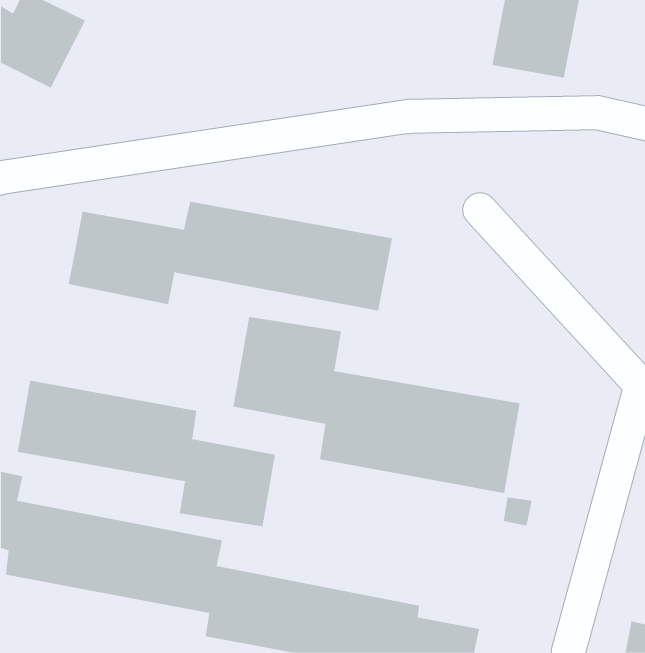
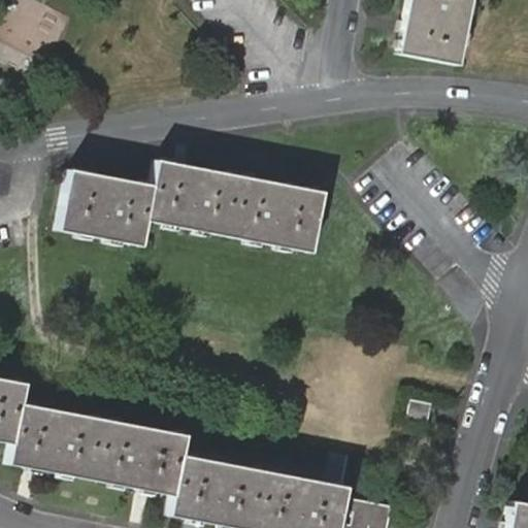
building: [233,316,520,494] -> none
building: [17,380,276,527] -> none

